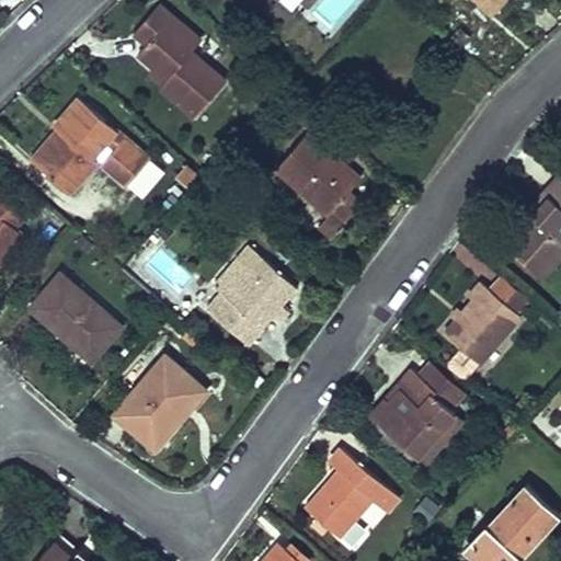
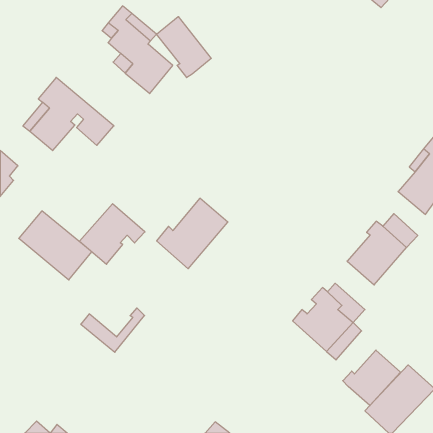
building: none -> [157,17,211,78]
building: [271,135,360,248] -> none
building: [117,356,202,434] -> [79,204,145,264]
building: [306,449,397,539] -> none
building: none -> [343,350,400,406]

